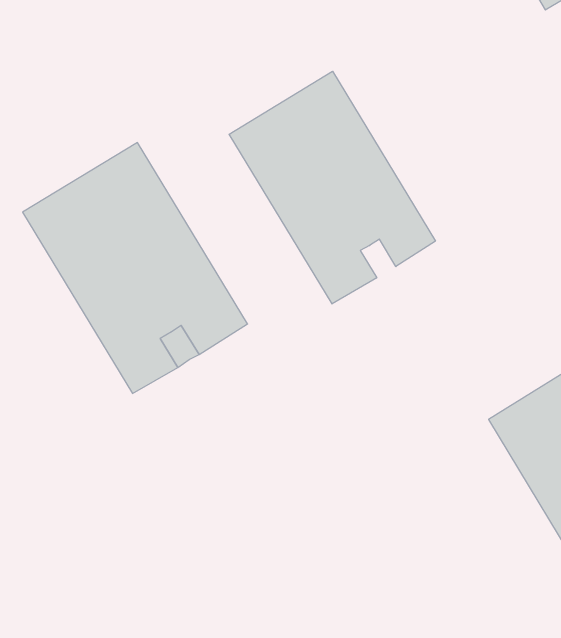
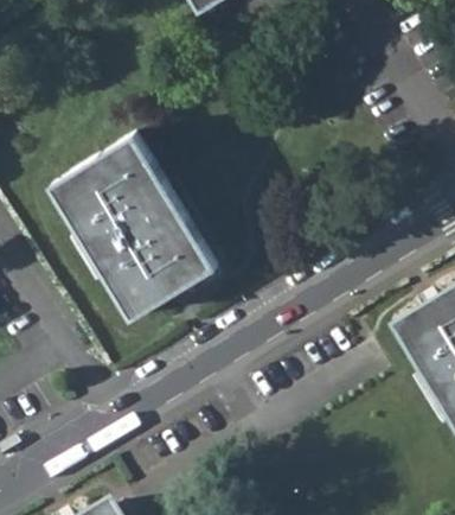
building: [229,71,435,304] -> none

